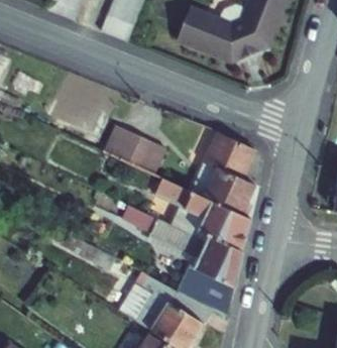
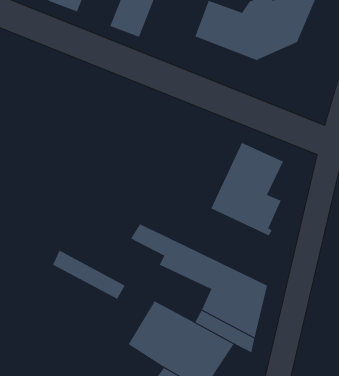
building: [105,126,166,176] -> none
building: [154,179,251,259] -> none

